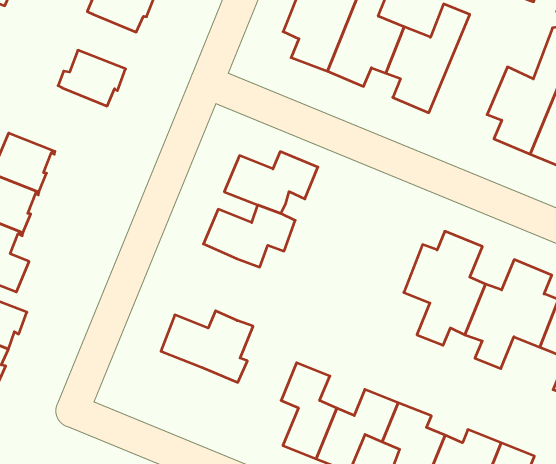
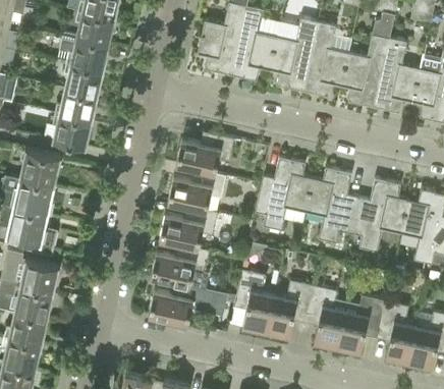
building: none -> [64,61,101,95]
building: none -> [302,21,349,97]
building: none -> [53,113,90,147]
building: none -> [256,157,313,230]
building: none -> [160,208,218,248]
building: none -> [149,283,228,324]

